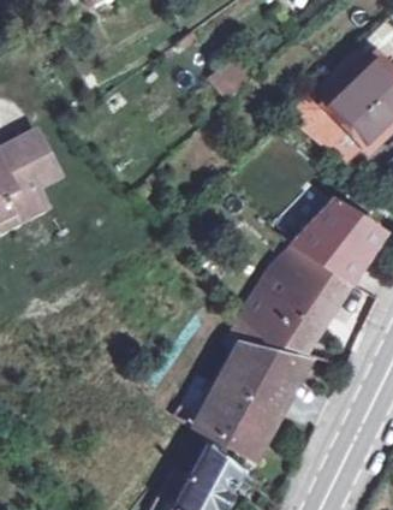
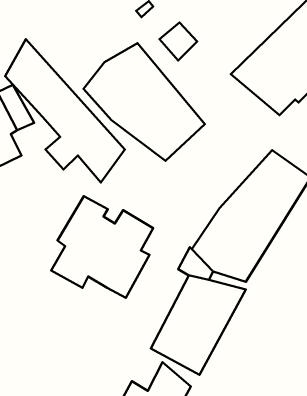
building: none -> [5,39,125,182]
building: none -> [83,43,205,161]
building: none -> [51,196,153,298]

